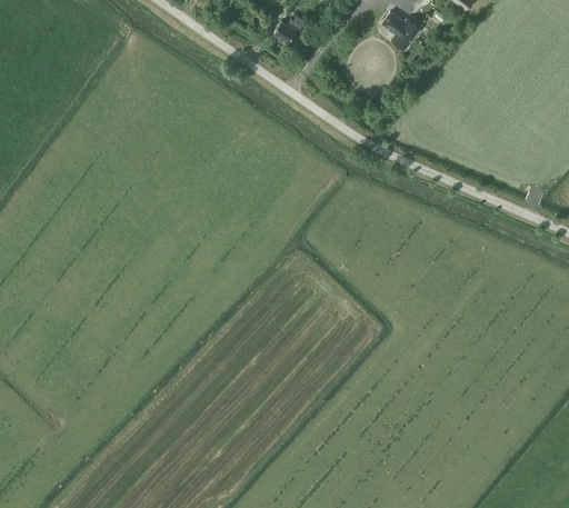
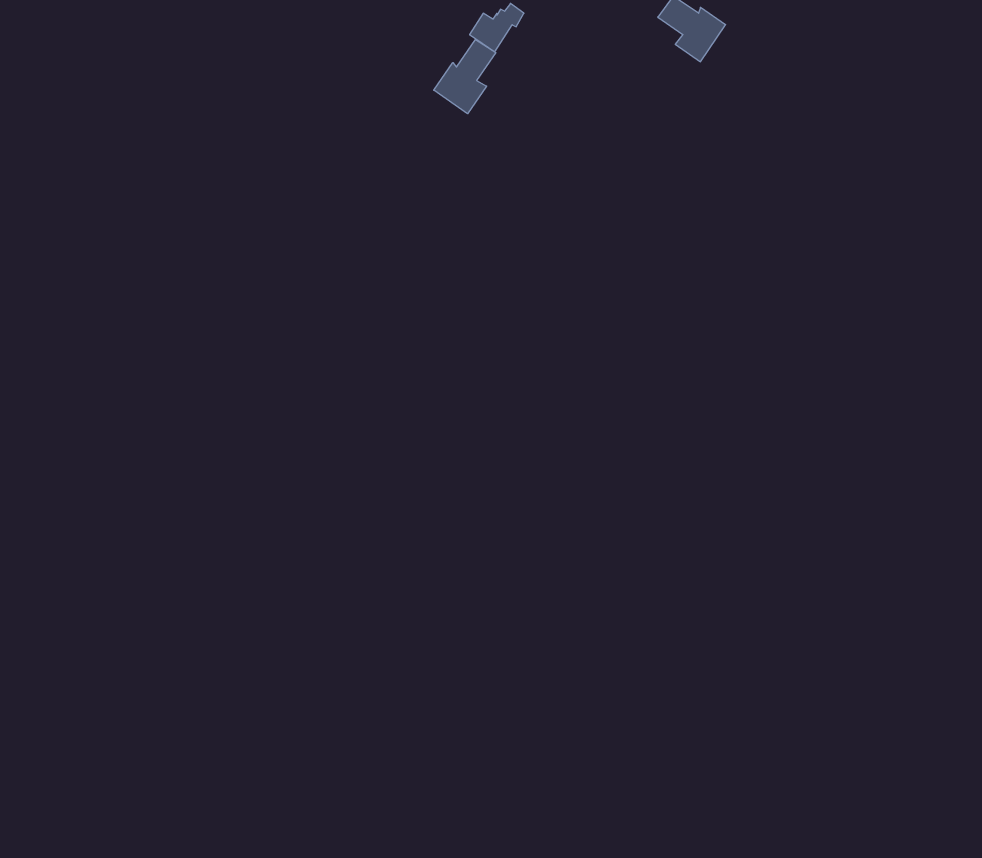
building: none -> [434,39,496,114]

